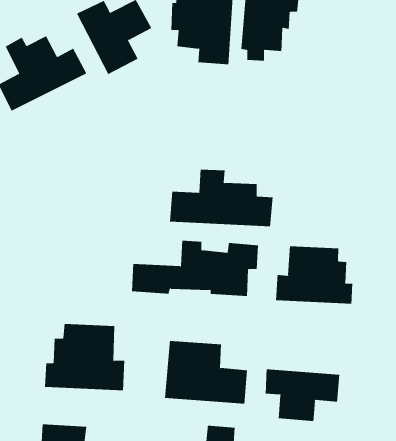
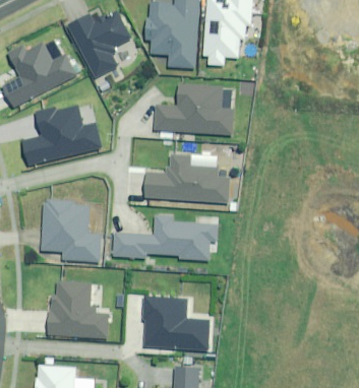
building: none -> [154,84,233,134]
building: none -> [23,105,101,165]
building: none -> [42,199,101,262]
building: [276,246,353,305] -> none
building: [265,369,340,422] -> none

